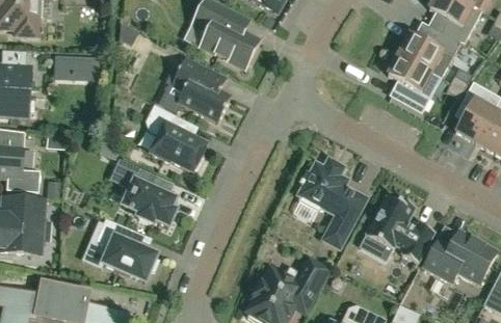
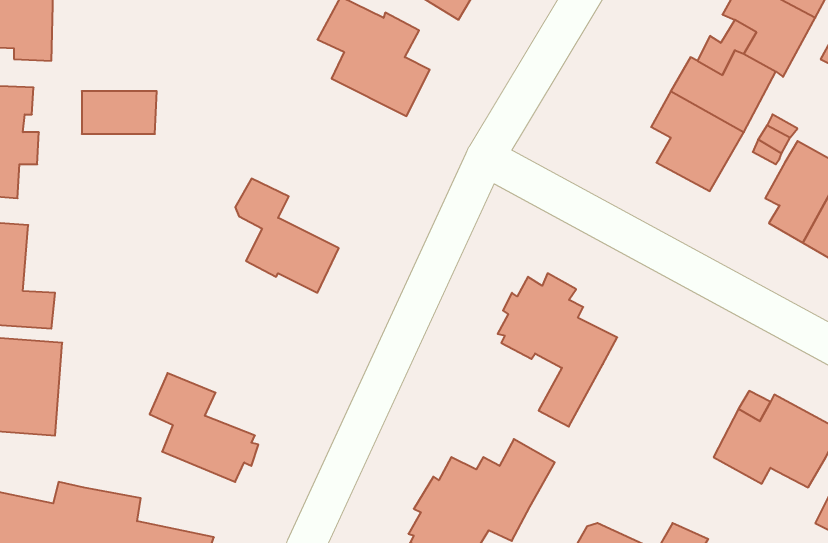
building: [170,58,230,123] -> none
building: [110,159,175,226] -> none
building: [359,196,433,263] -> none

